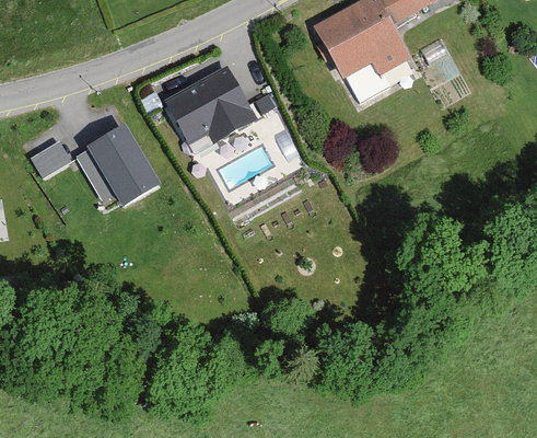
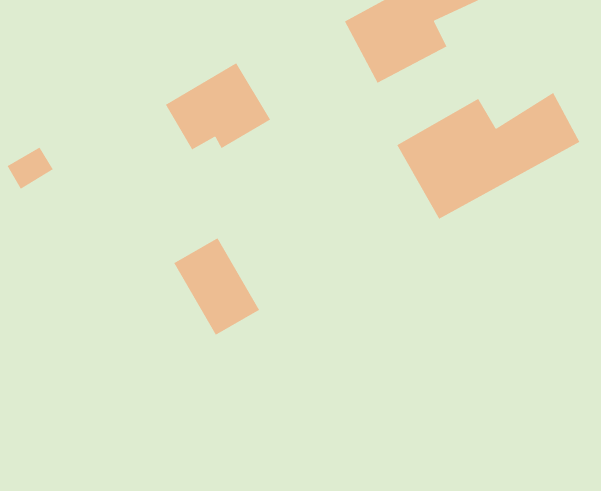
building: none -> [396,92,580,220]
building: [84,117,159,201] -> [173,237,260,336]

